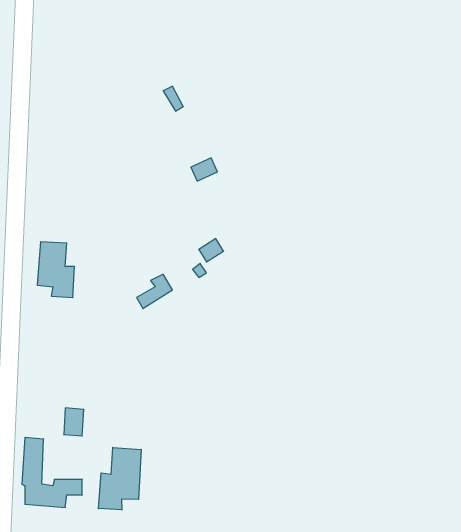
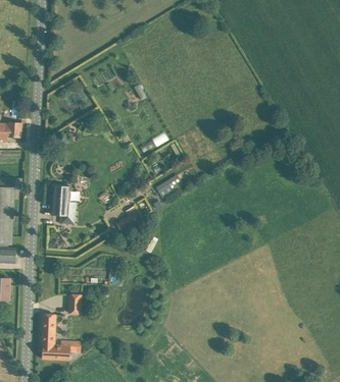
building: [98,447,141,510] -> none

